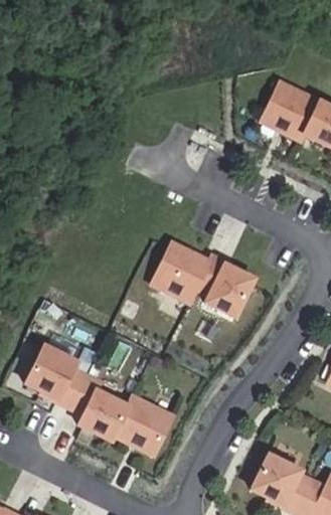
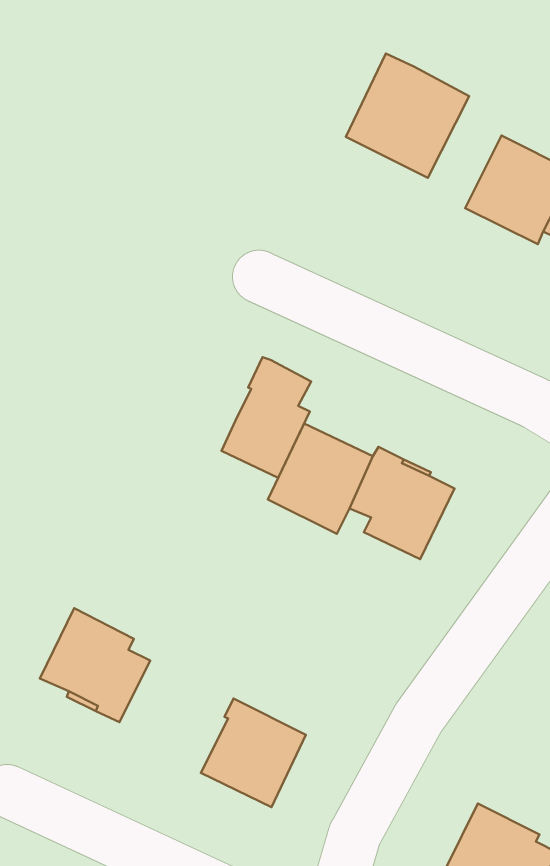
building: none -> [346,53,469,178]
building: none -> [221,357,311,478]
building: [68,373,129,441] -> none

